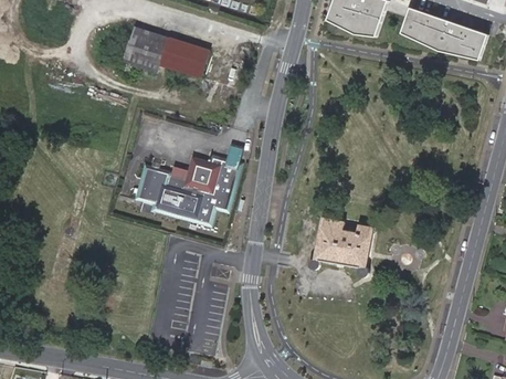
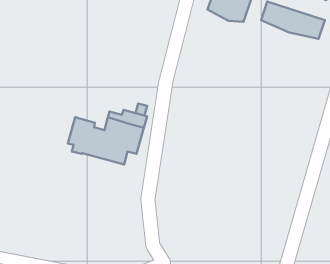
building: [122,27,207,78] -> none
building: [306,217,372,275] -> none

